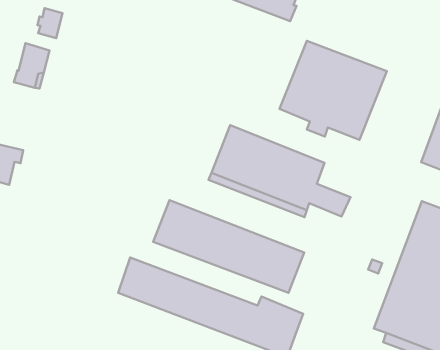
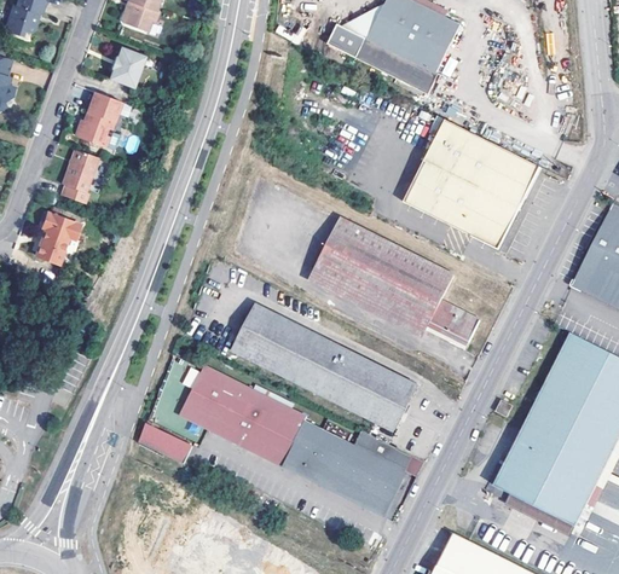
building: none -> [64,149,100,191]
building: none -> [134,423,190,463]

